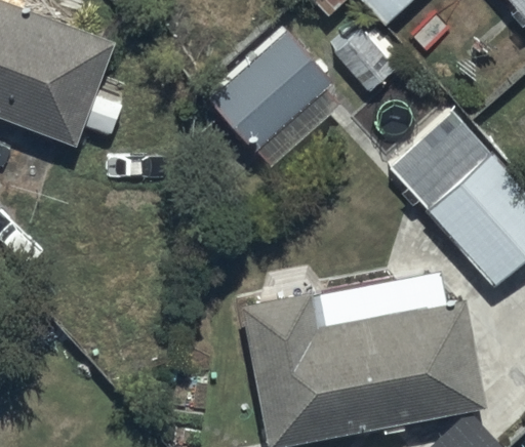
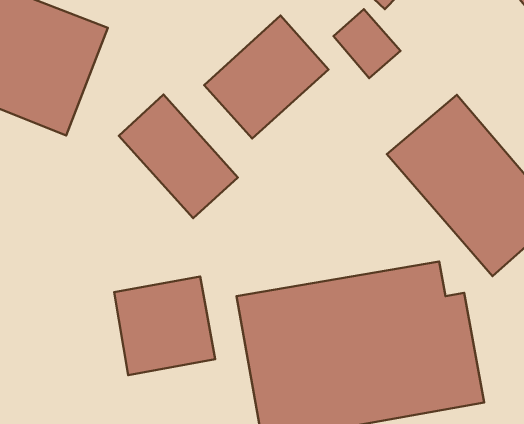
building: none -> [119,95,238,218]
building: none -> [114,277,215,375]

